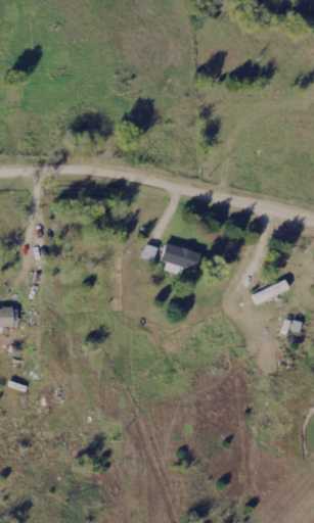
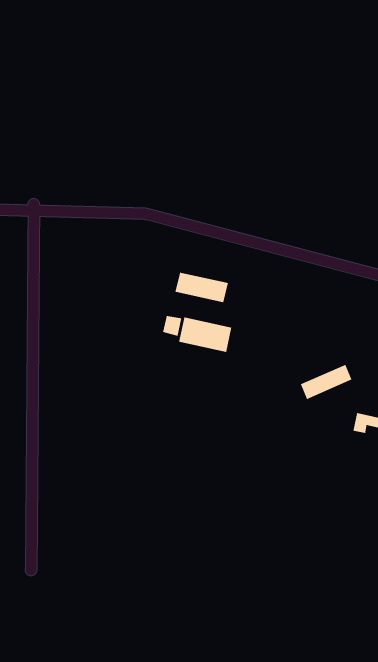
building: none -> [175,272,229,303]

